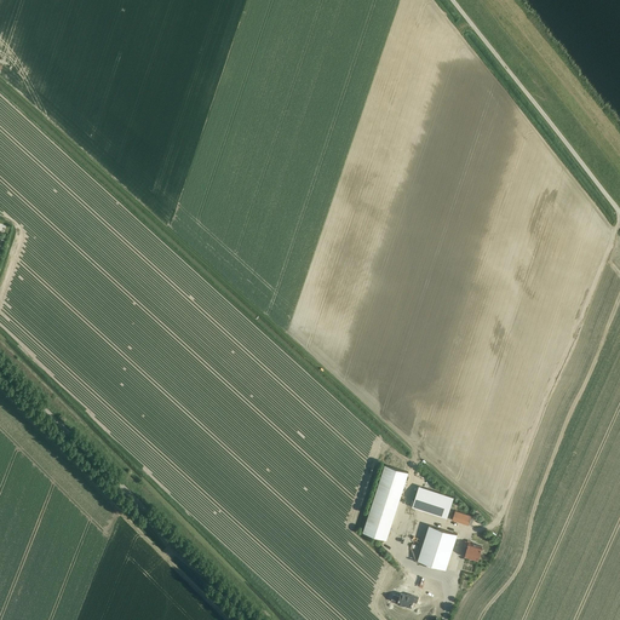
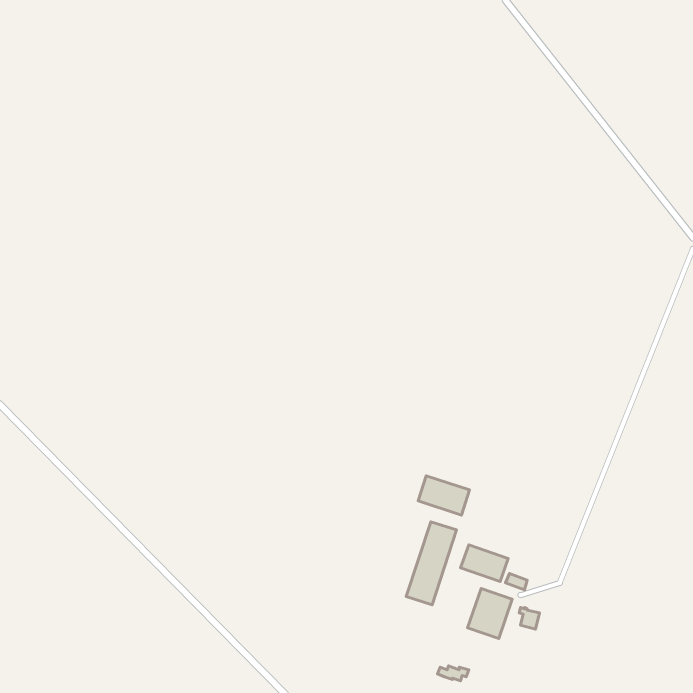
building: none -> [418,476,470,515]

